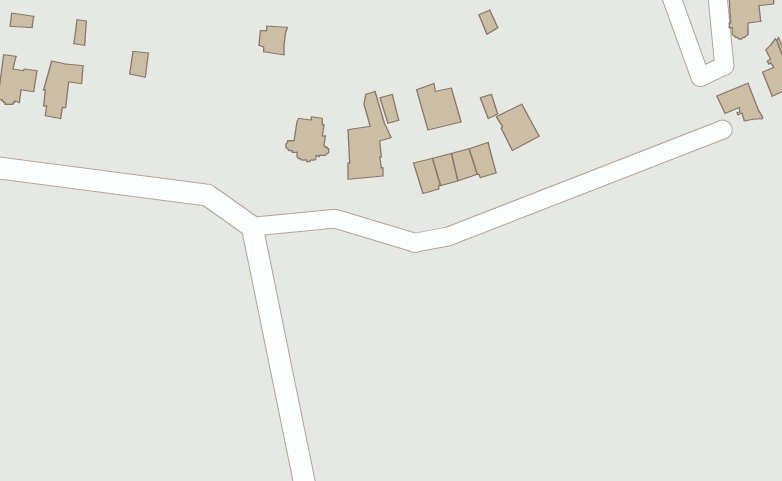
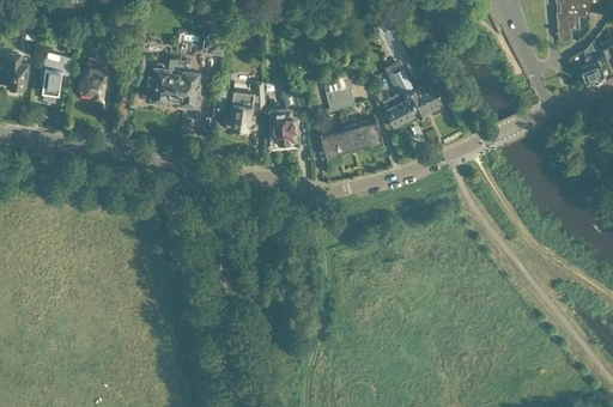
building: none -> [146,59,200,104]
building: none -> [78,62,108,99]
building: none -> [390,66,441,117]
building: [717,83,762,121] -> none

